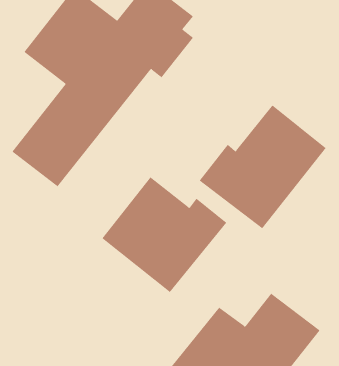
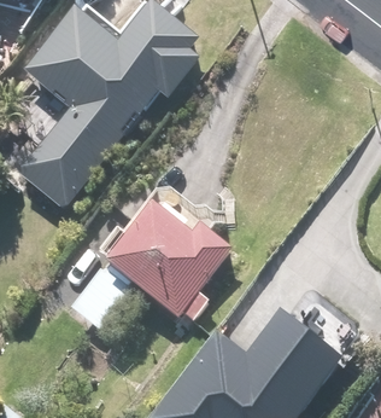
building: [199,105,327,229] -> none

